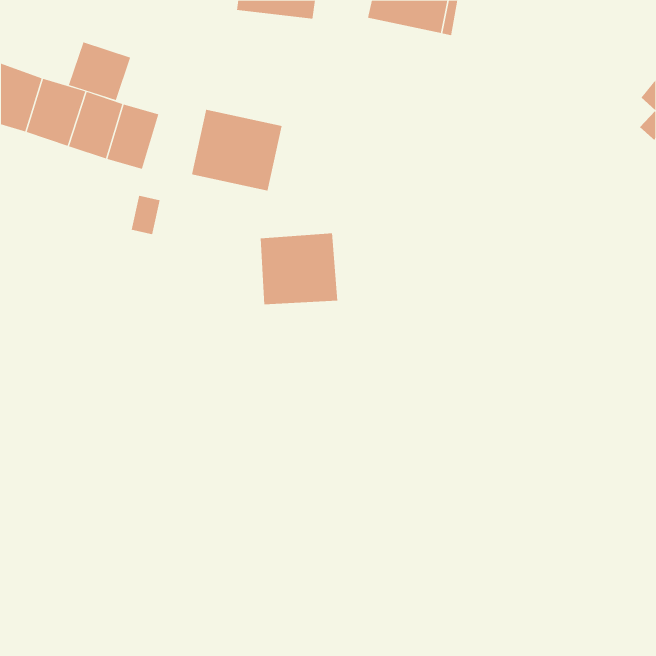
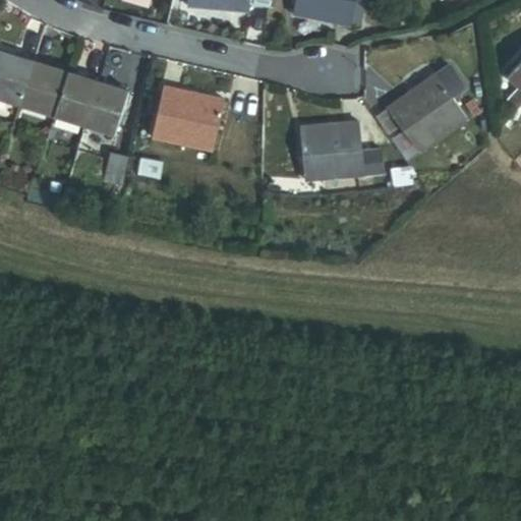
building: [68,41,131,101] -> none
building: none -> [388,73,465,151]
building: [260,233,338,305] -> [300,122,362,179]

